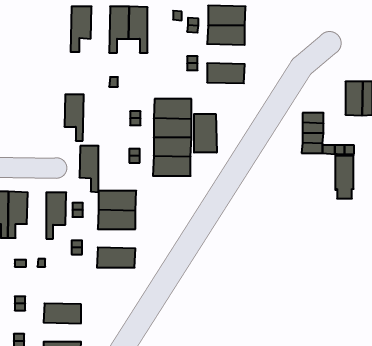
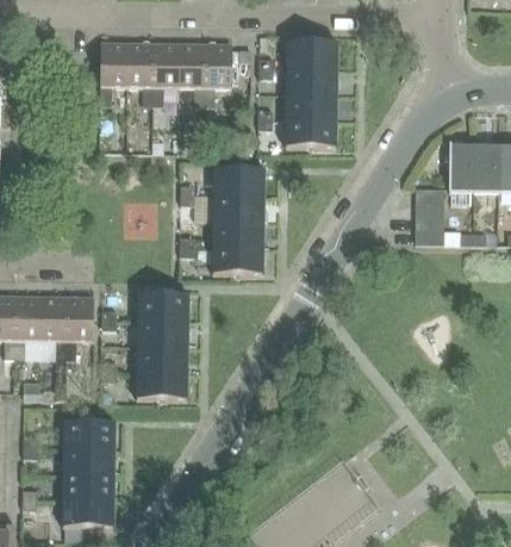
building: none -> [204,43,231,105]
building: none -> [285,93,336,120]
building: [64,94,84,141] -> [126,42,152,105]
building: [194,114,217,153] -> none
building: [79,146,99,192] -> [39,296,66,359]
building: [335,154,354,199] -> [448,142,473,203]
building: none -> [136,346,187,372]
building: none -> [63,421,114,448]
building: none -> [62,473,113,499]

